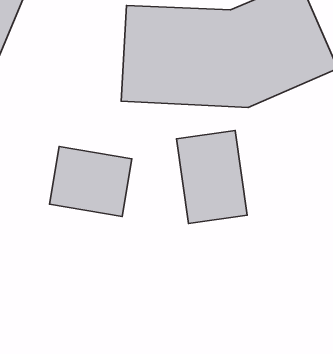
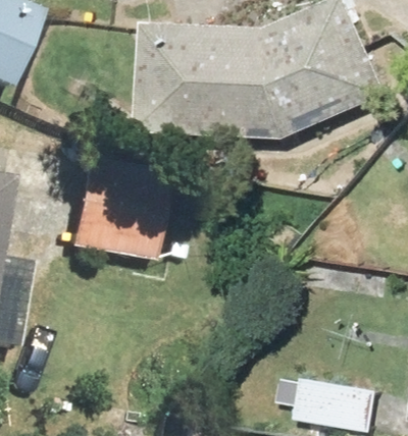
building: [176,131,247,224] -> none

